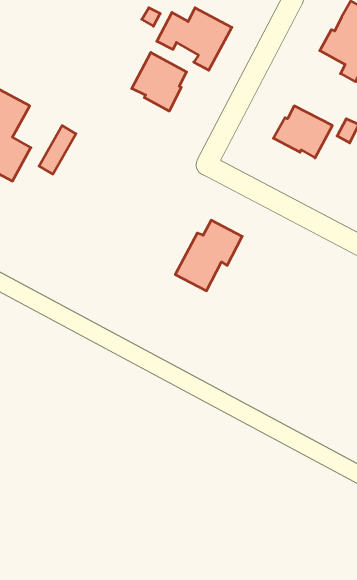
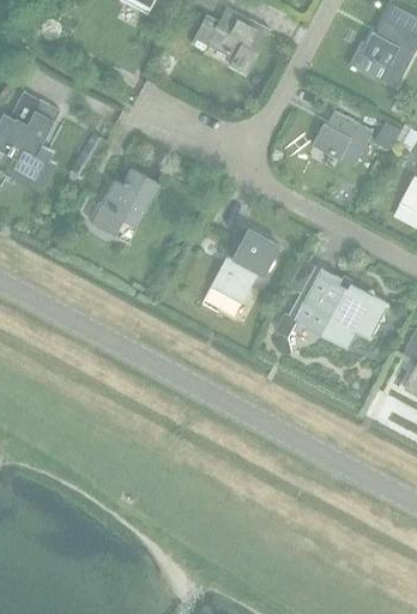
building: [132,52,187,111] -> none
building: none -> [92,168,161,240]
building: none -> [292,267,388,341]

